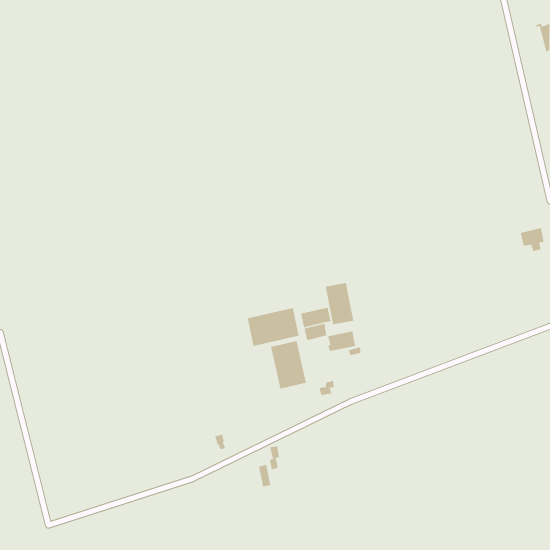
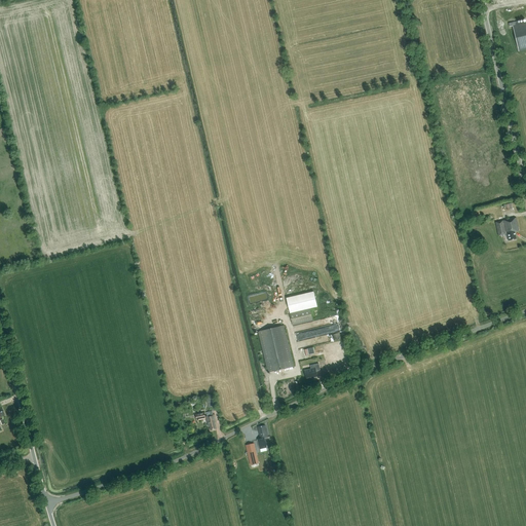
building: [325,282,354,325] -> none
building: [247,307,299,347] -> none

